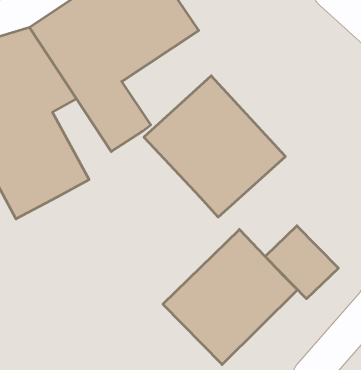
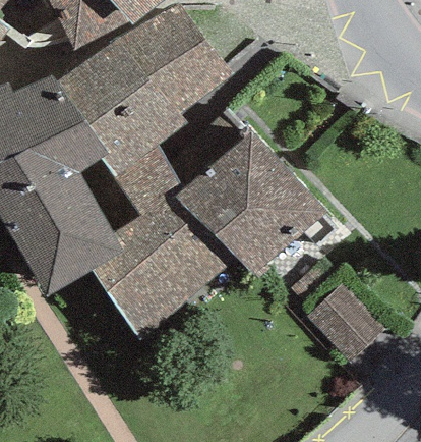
building: none -> [85,186,236,333]
building: [163,229,298,365] -> none

